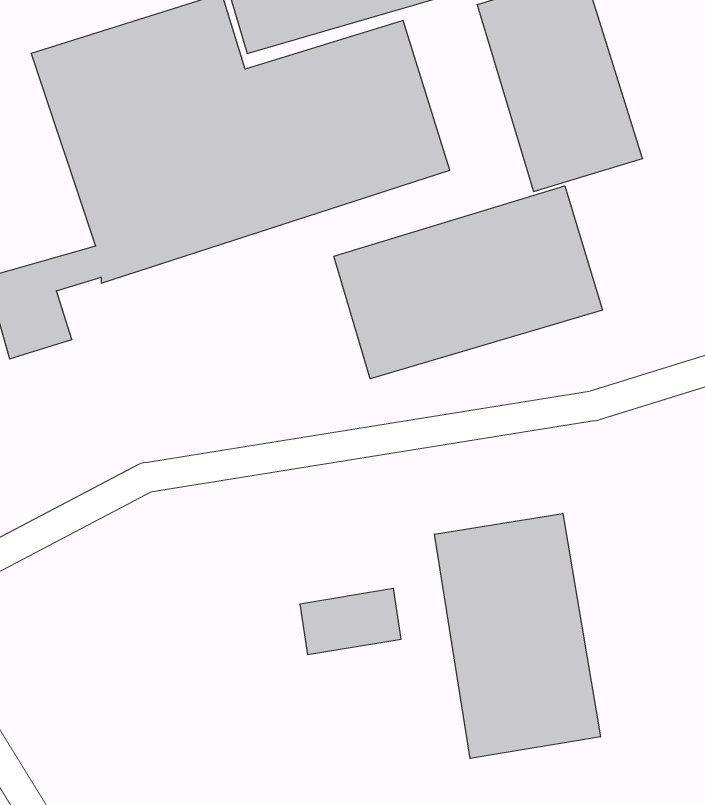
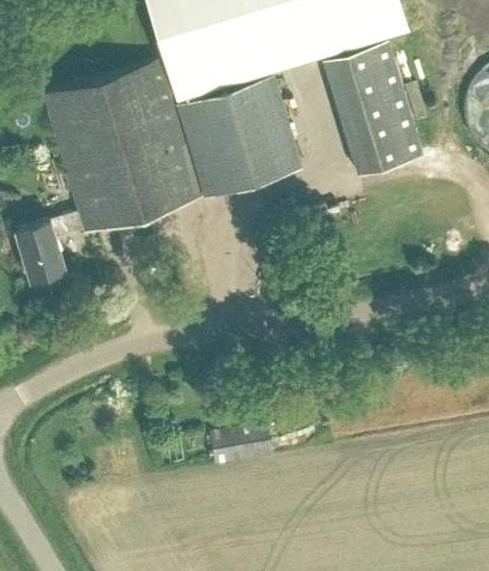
building: [334,186,602,379] -> none
building: [434,513,600,759] -> none

